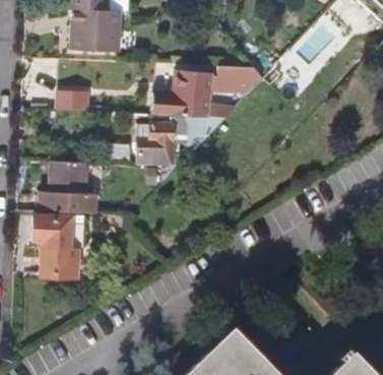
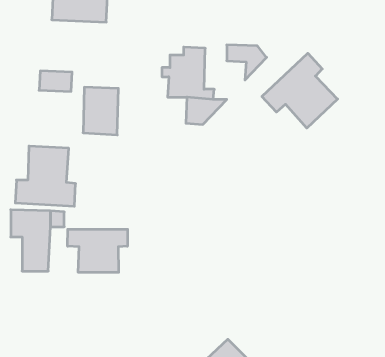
building: none -> [262,53,338,128]
building: [138,122,170,165] -> [83,87,118,135]
building: none -> [68,229,128,272]

